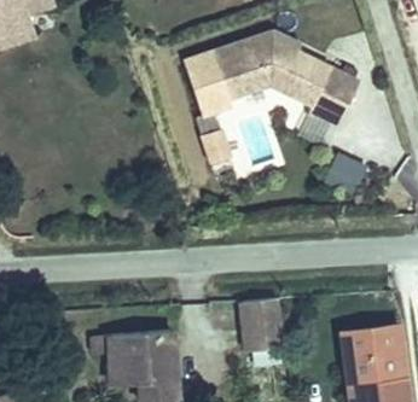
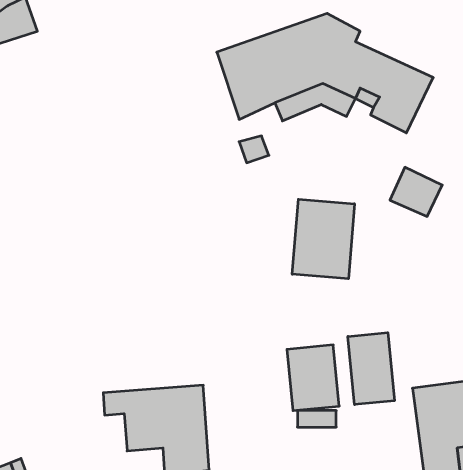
building: none -> [292,199,354,279]
building: none -> [348,333,394,405]

